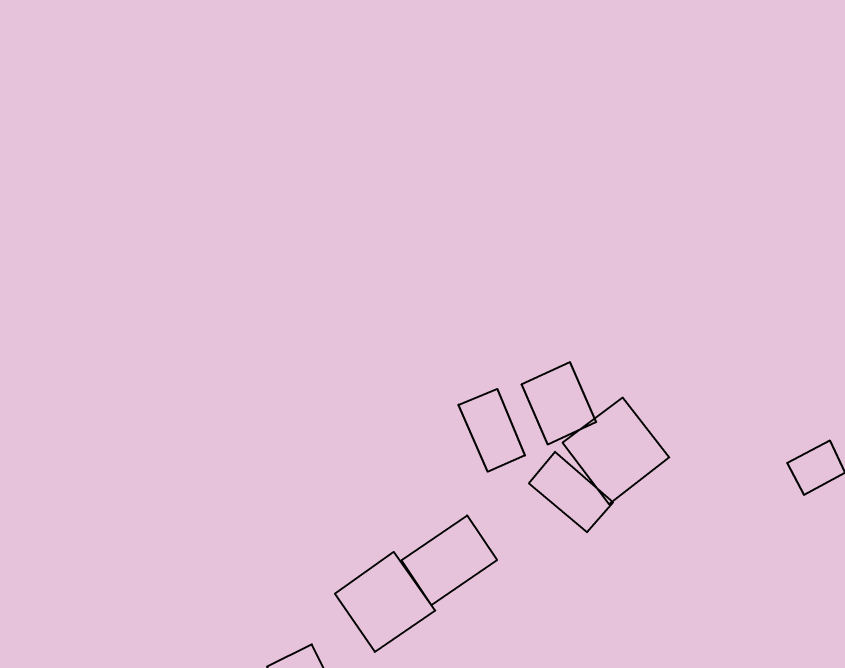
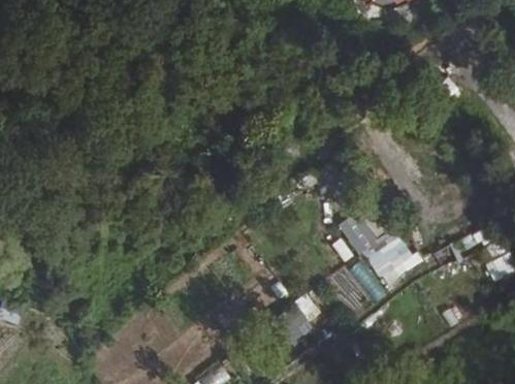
building: [458,389,525,472] -> none
building: [335,552,435,652] -> none

